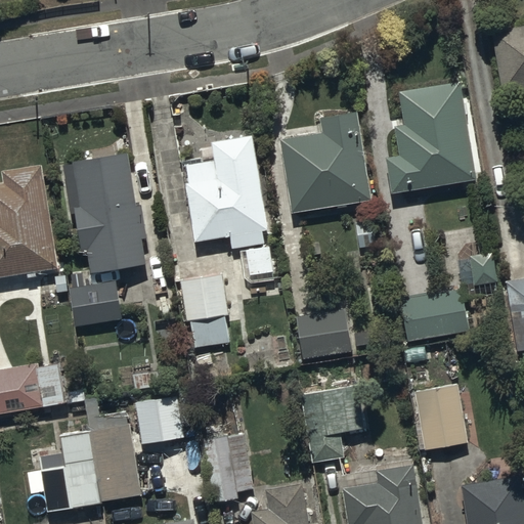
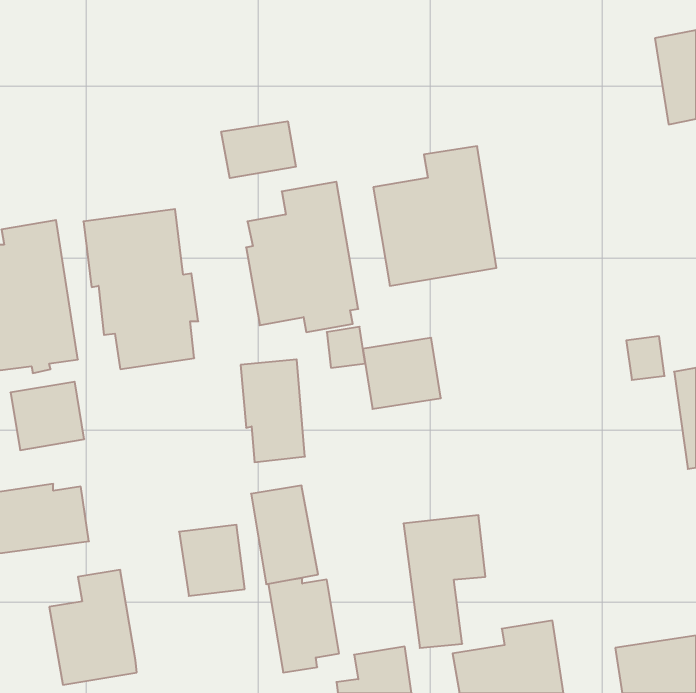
building: [385,82,475,194] -> none
building: none -> [221,121,296,178]
building: [67,277,122,329] -> [10,382,84,450]
building: [396,286,470,343] -> none
building: [294,307,352,360] -> [363,338,441,409]
building: [412,381,467,449] -> none
building: [90,421,140,494] -> [251,486,318,584]

